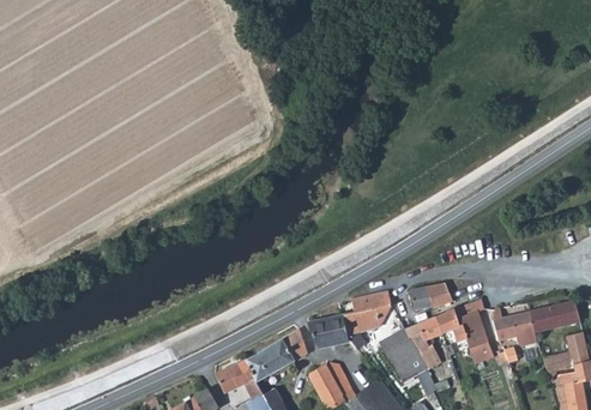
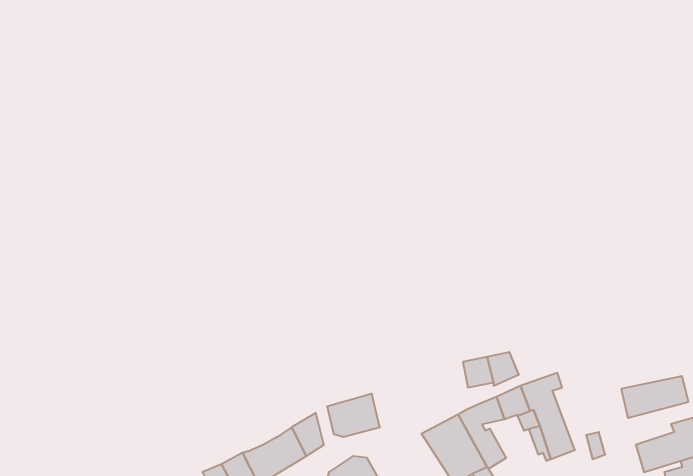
building: [342,291,391,334] -> none
building: [493,307,533,340] -> none

